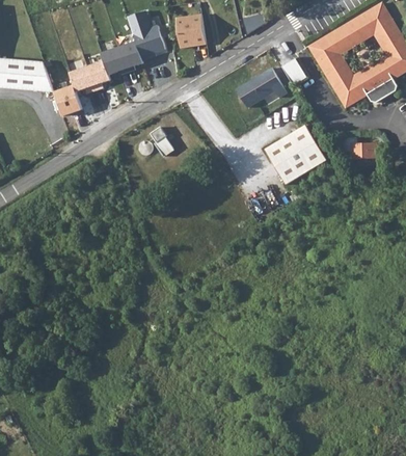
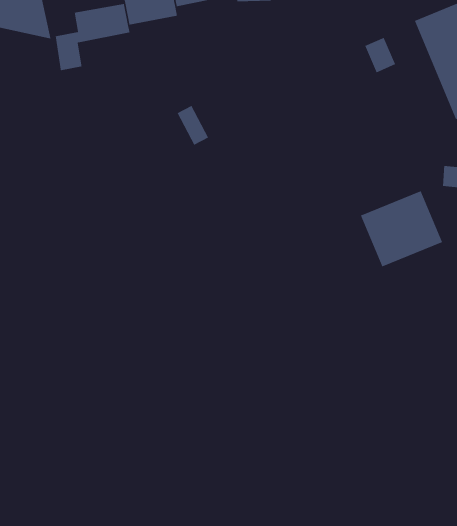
building: [234,68,283,107] -> none
building: [263,126,325,185] -> [360,190,443,268]

